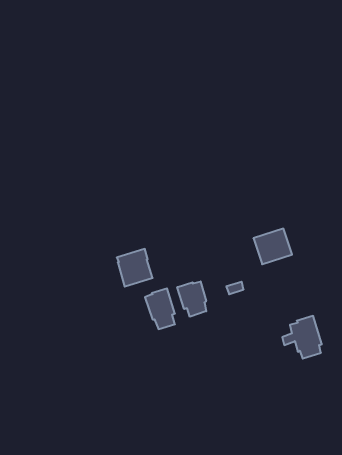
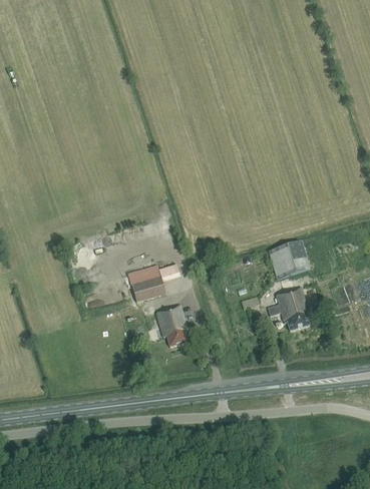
building: [177,281,206,317] -> none
building: [282,316,322,359] -> [269,286,310,330]

